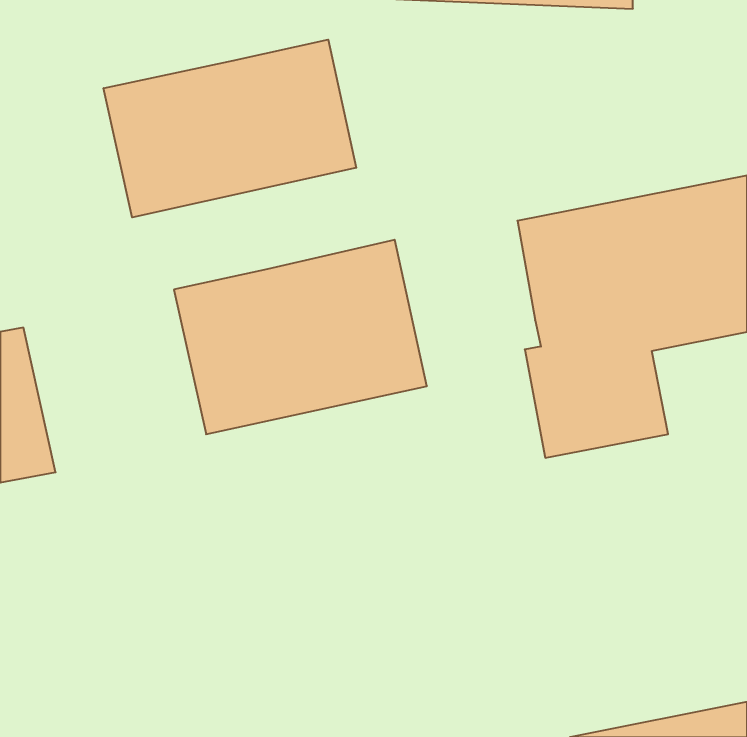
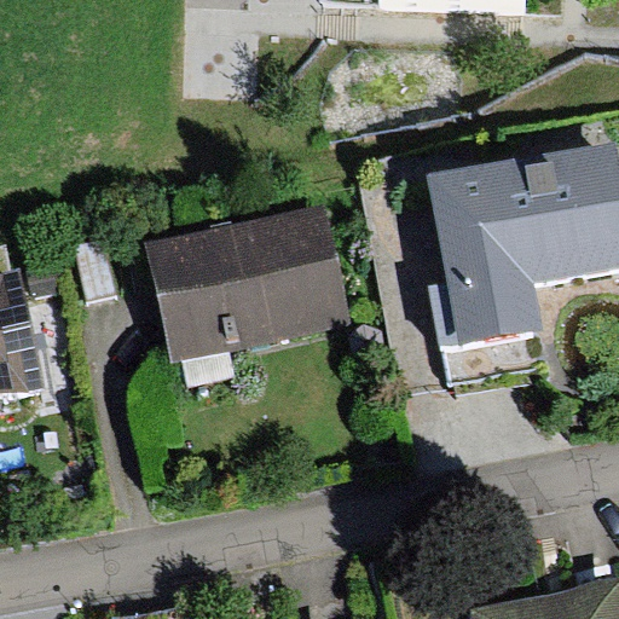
building: [104,40,356,217] -> none

